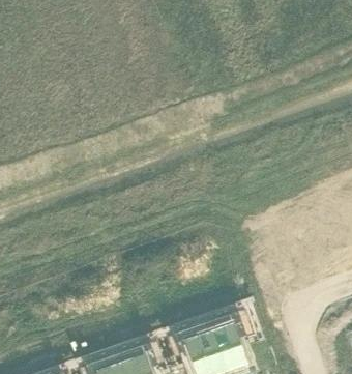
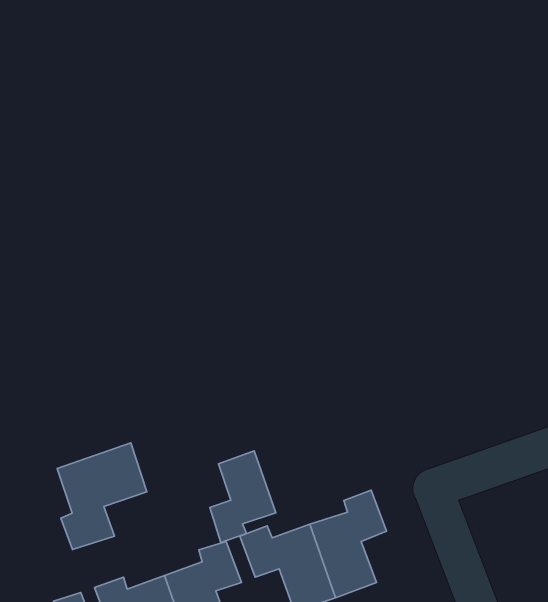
building: none -> [57,443,147,550]
building: none -> [210,451,276,542]

